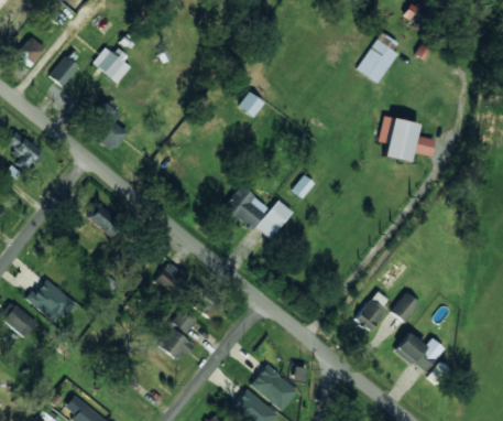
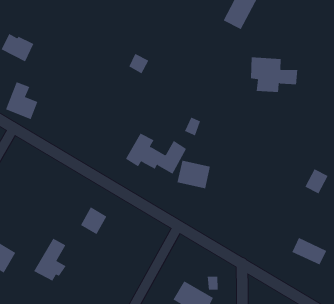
building: [86,203,125,239] -> none
building: none -> [177,160,211,189]
building: [354,291,389,332] -> none
building: [391,292,420,323] -> [305,169,328,194]
building: [156,309,199,359] -> [33,238,66,281]

